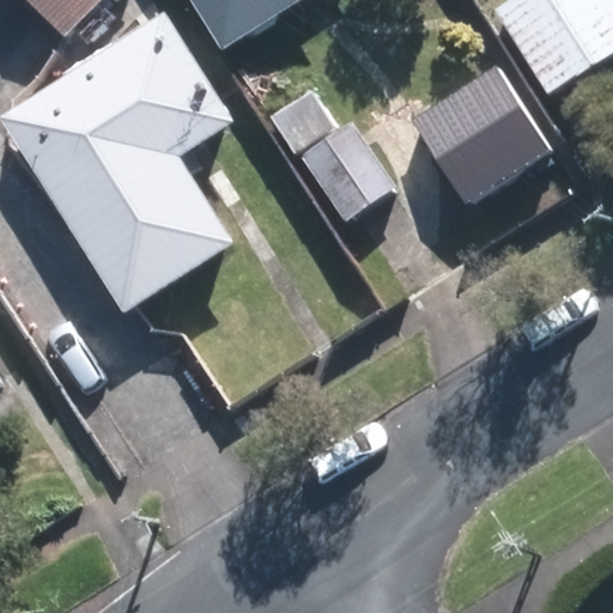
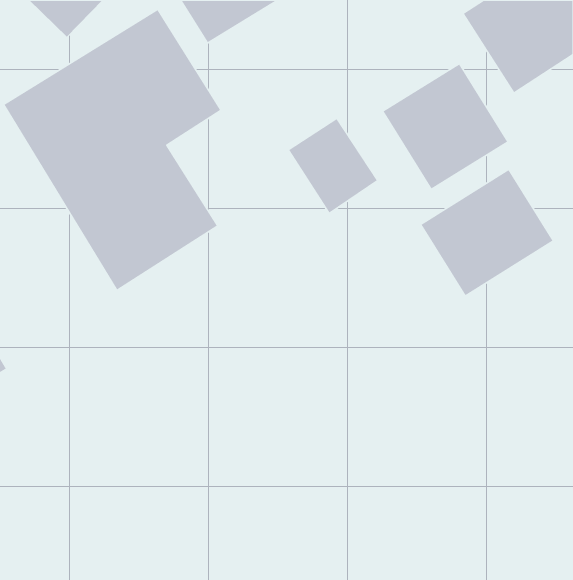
building: none -> [421,169,554,296]

